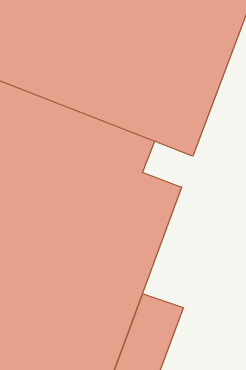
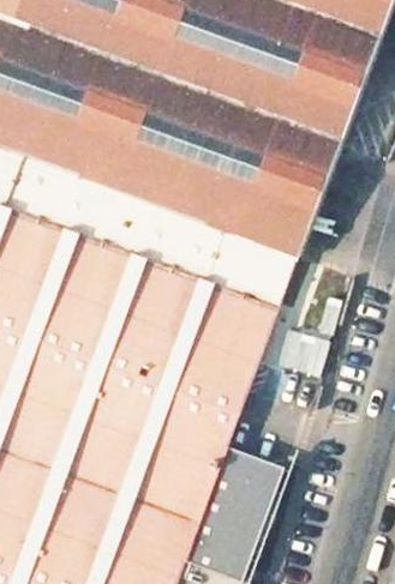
building: none -> [228,237,294,300]

